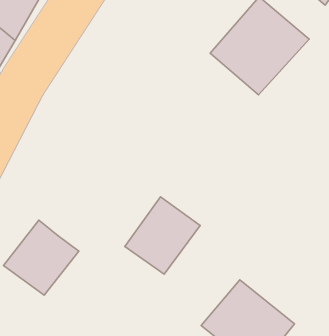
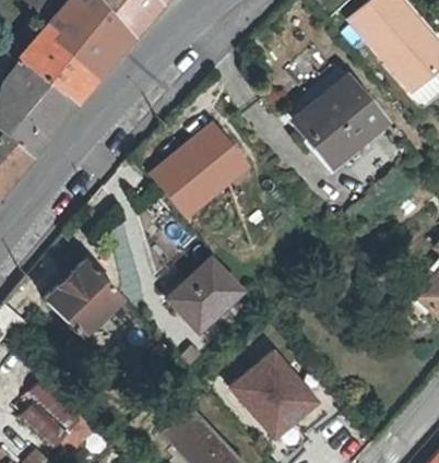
building: none -> [146,119,252,222]

